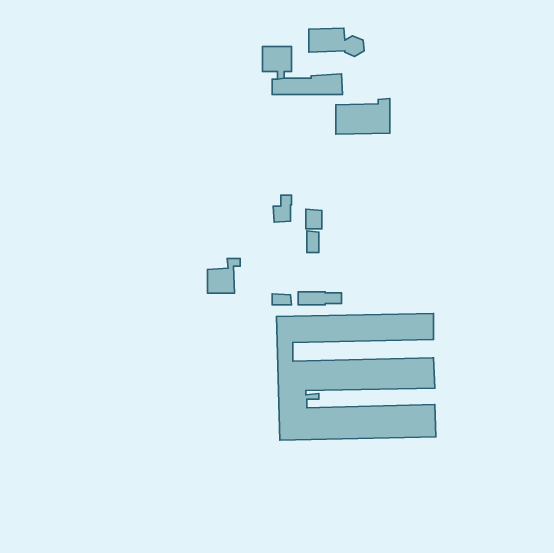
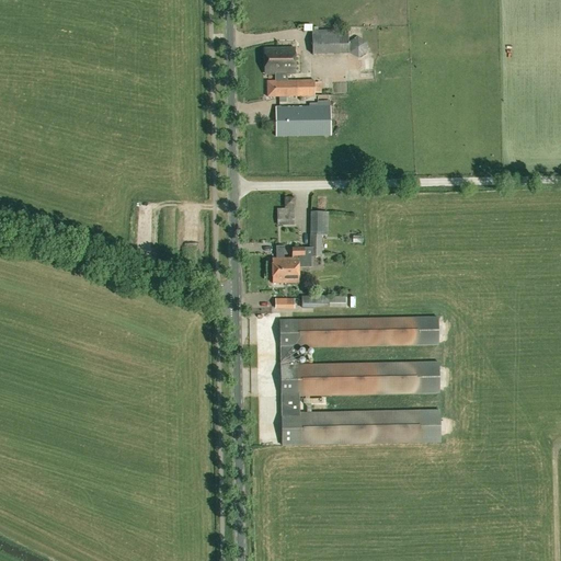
building: [336,98,390,134] -> [275,100,330,136]
building: [208,259,240,293] -> [272,247,305,282]

